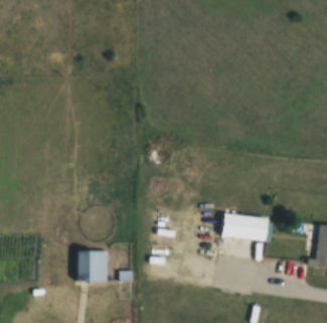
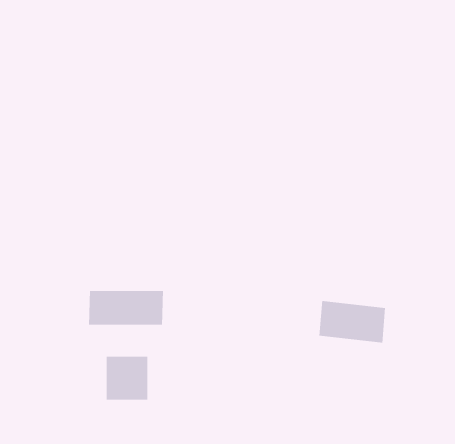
building: none -> [88,290,164,326]

